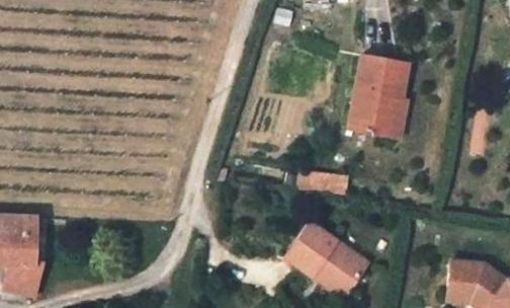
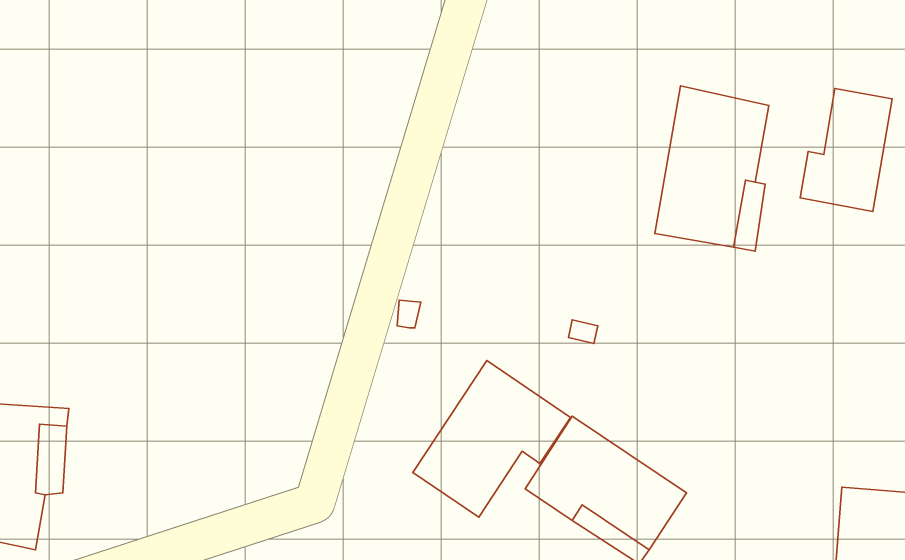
building: none -> [800,88,892,211]
building: none -> [413,360,571,517]

